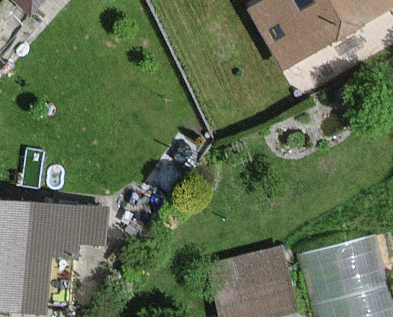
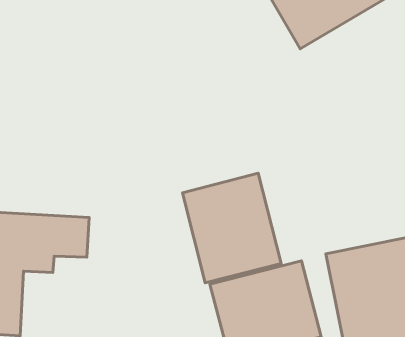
building: none -> [183,173,281,283]

